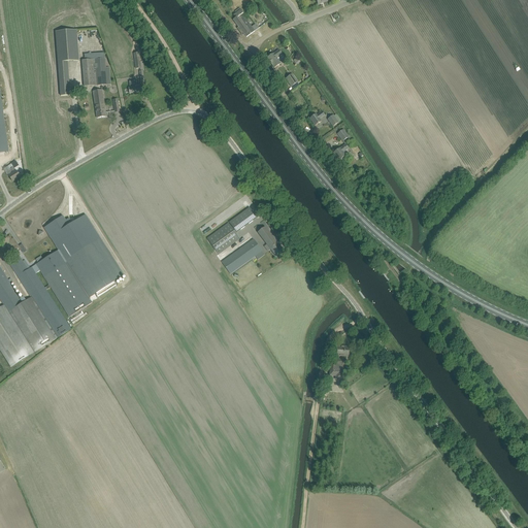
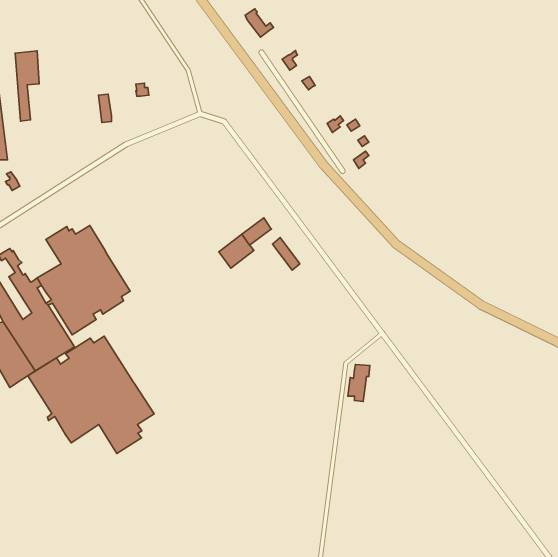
building: [55,28,77,94] -> [15,51,39,121]
building: [81,57,109,85] -> none
building: [221,237,261,272] -> none
building: none -> [28,336,154,453]

